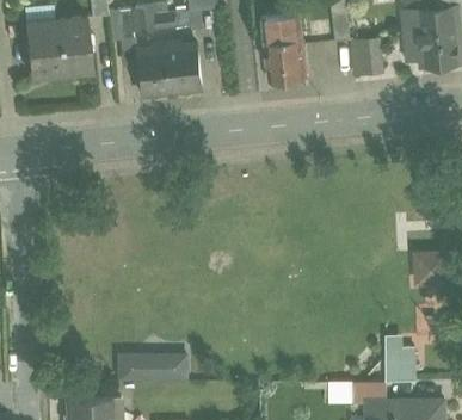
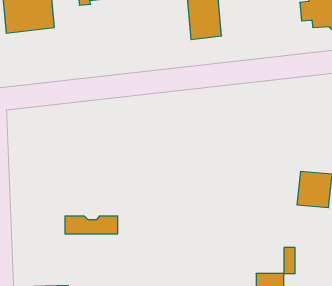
building: [346,37,377,74] -> none
building: [136,44,203,93] -> none
building: [119,356,187,378] -> [65,216,118,234]

